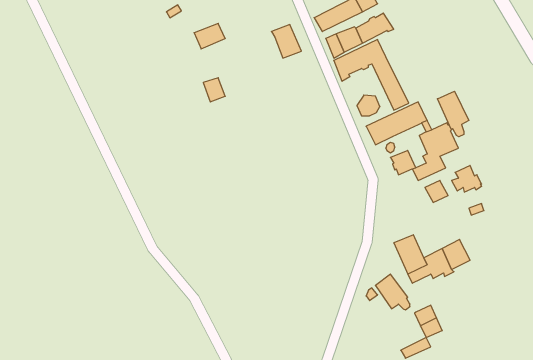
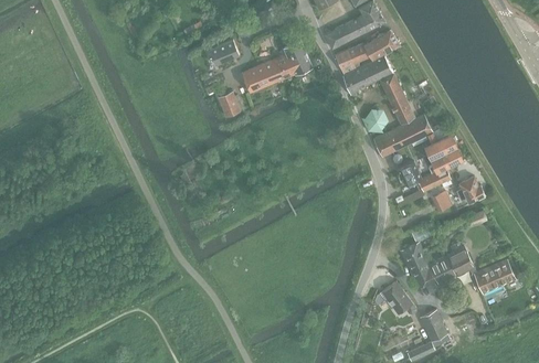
building: none -> [241,53,294,92]
building: [437,91,469,137] -> none
building: none -> [471,259,515,292]

